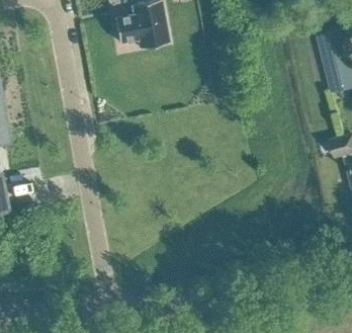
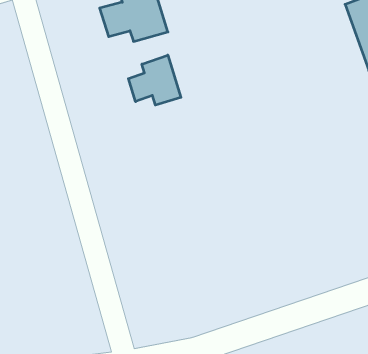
building: none -> [128,55,181,105]

